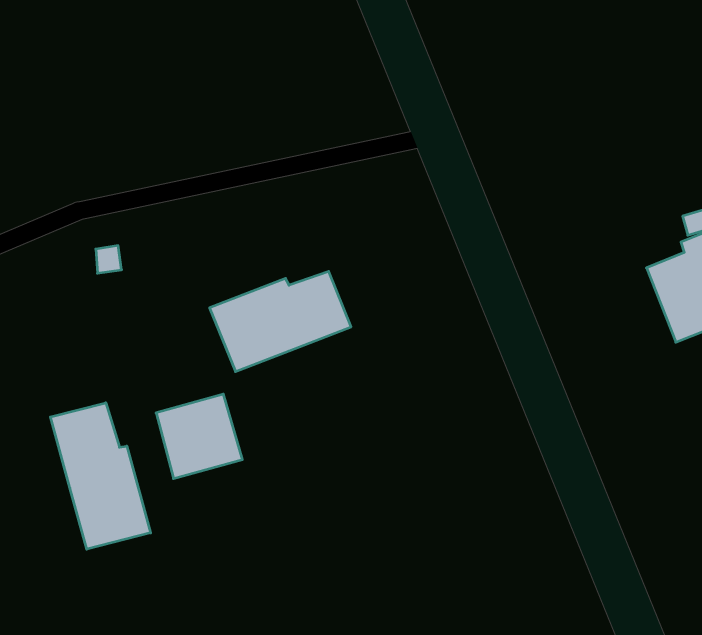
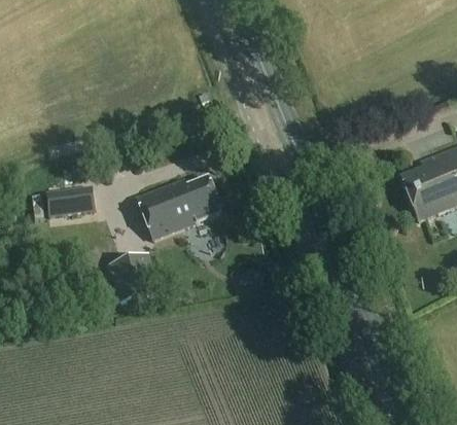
building: none -> [44,183,95,214]
building: [50,403,151,549] -> none

